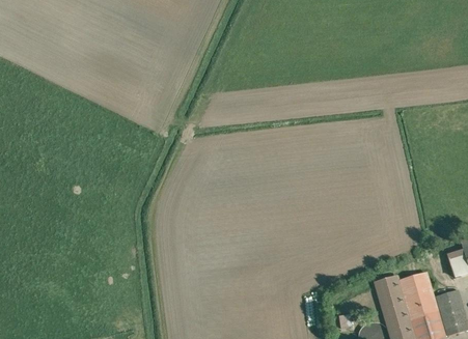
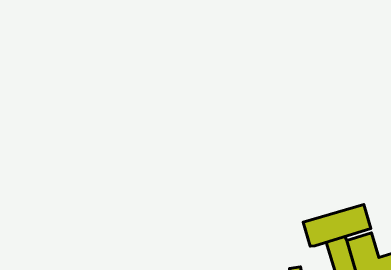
building: none -> [303,204,371,246]

